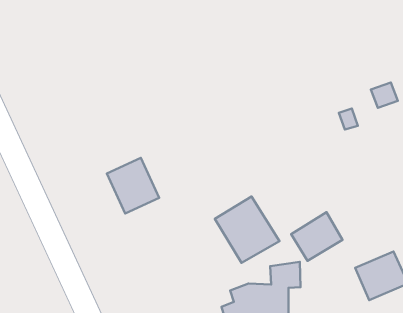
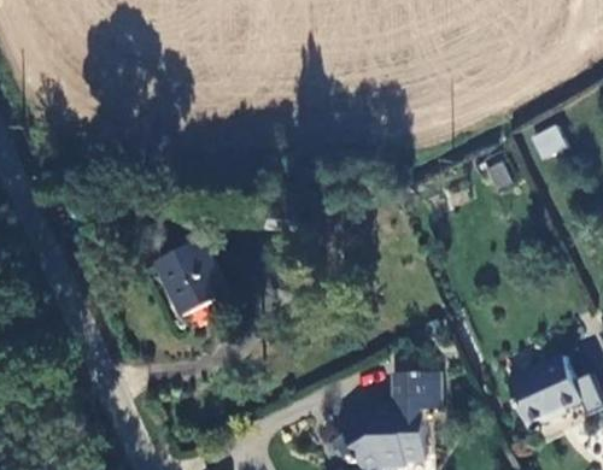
building: [215,197,279,263] -> none
building: [291,212,342,261] -> none

